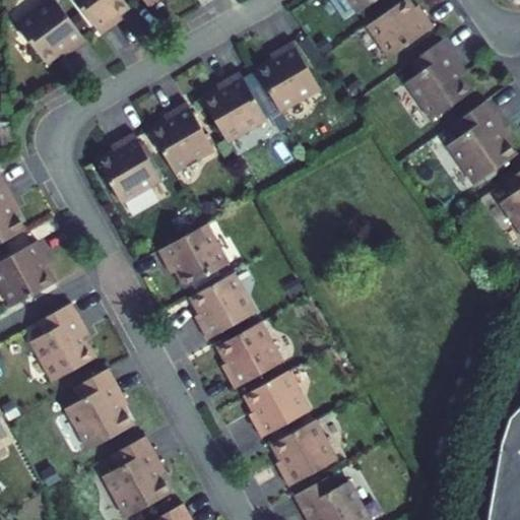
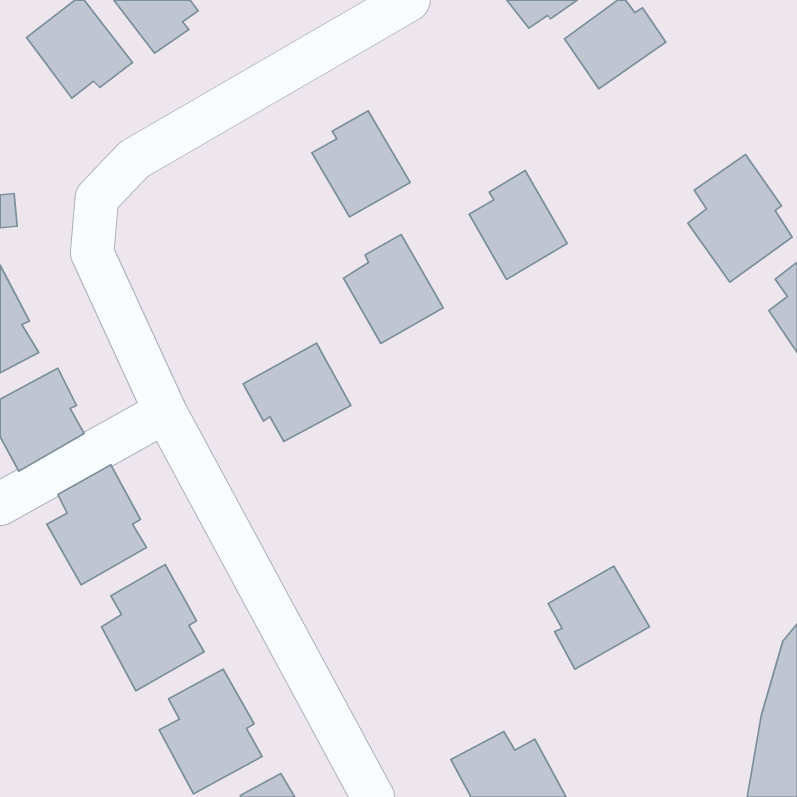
building: [406,40,472,119] -> none
building: [256,41,320,112] -> [469,170,567,280]
building: [149,102,214,173] -> [343,234,443,344]
building: [96,132,161,202] -> none
building: [190,273,255,339] -> none
building: [217,322,282,388] -> none
building: [244,371,310,437] -> none
building: [271,419,337,486] -> [548,566,650,669]

